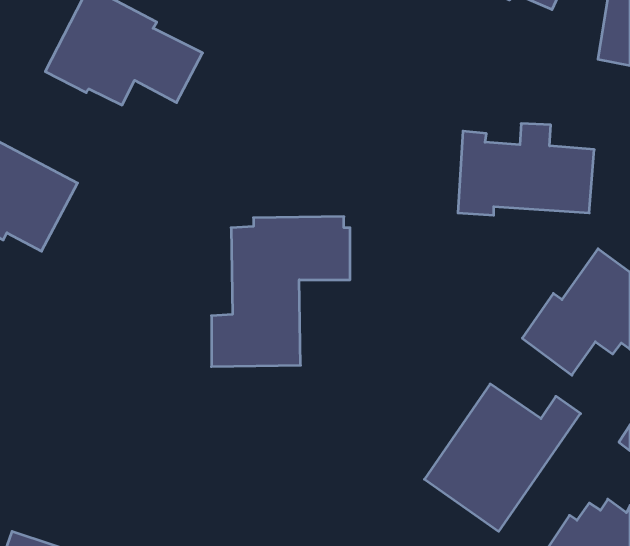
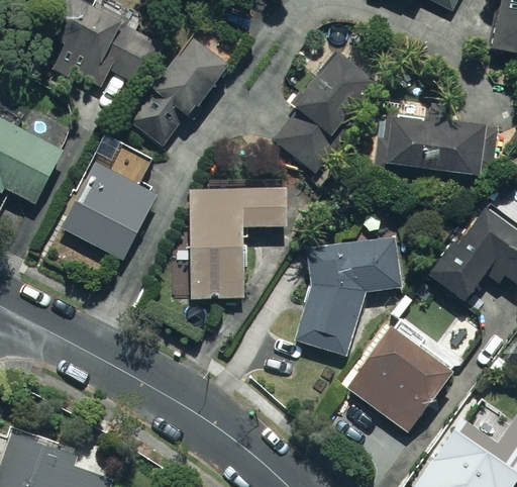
building: none -> [129,27,233,149]
building: none -> [271,52,375,175]
building: none -> [59,135,157,262]
building: none -> [295,236,401,357]

